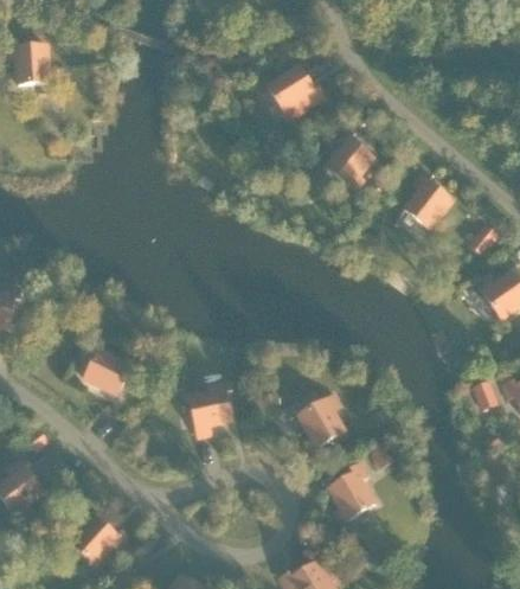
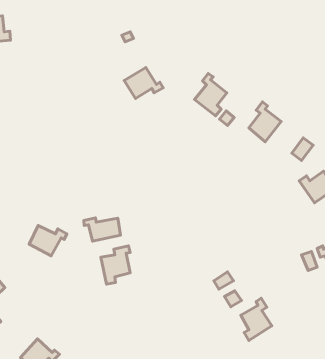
building: [267,66,323,111] -> [124,67,163,98]
building: none -> [84,218,121,241]
building: [298,395,344,455] -> none
building: [328,462,373,524] -> [241,298,272,340]

